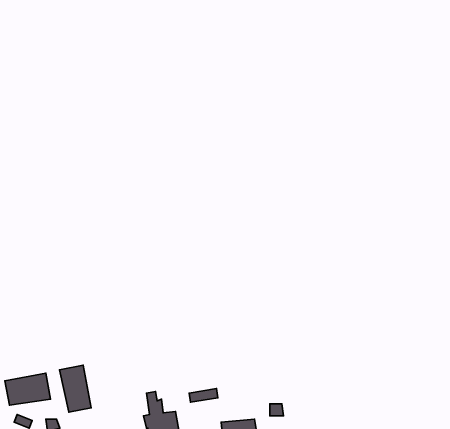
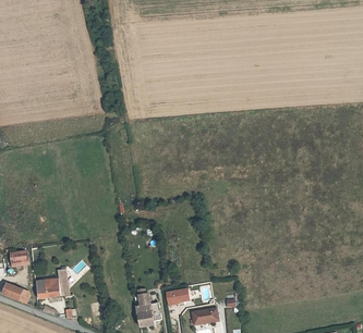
building: [60,365,91,412] -> none

